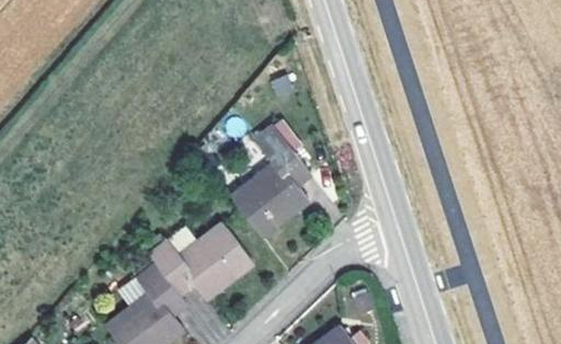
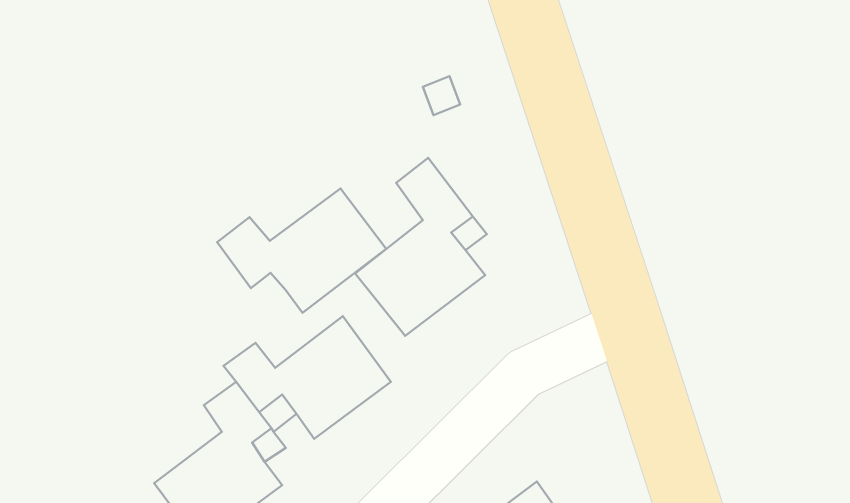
building: none -> [217,189,386,313]

